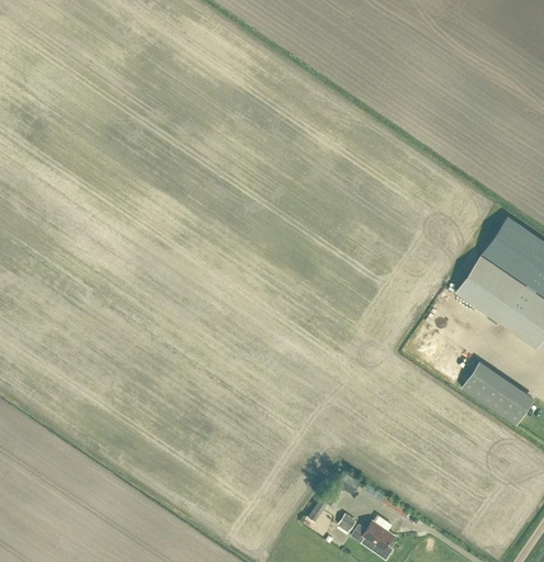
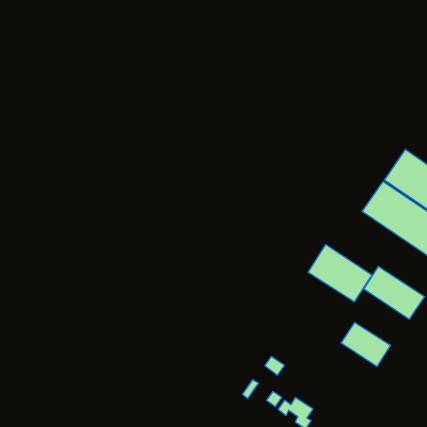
building: none -> [308,245,372,302]
building: none -> [341,322,390,366]

